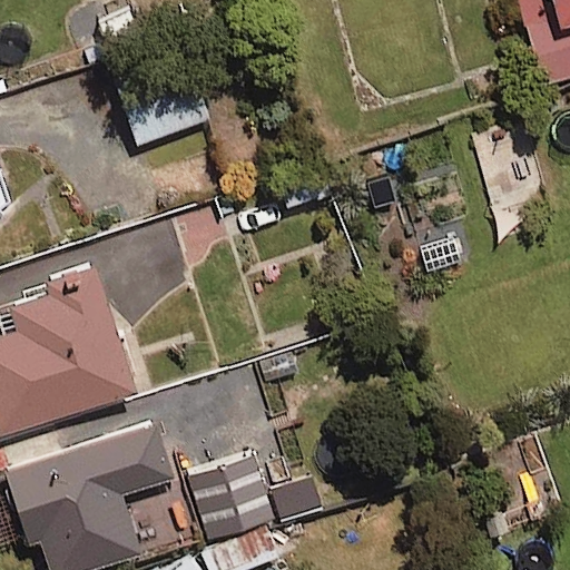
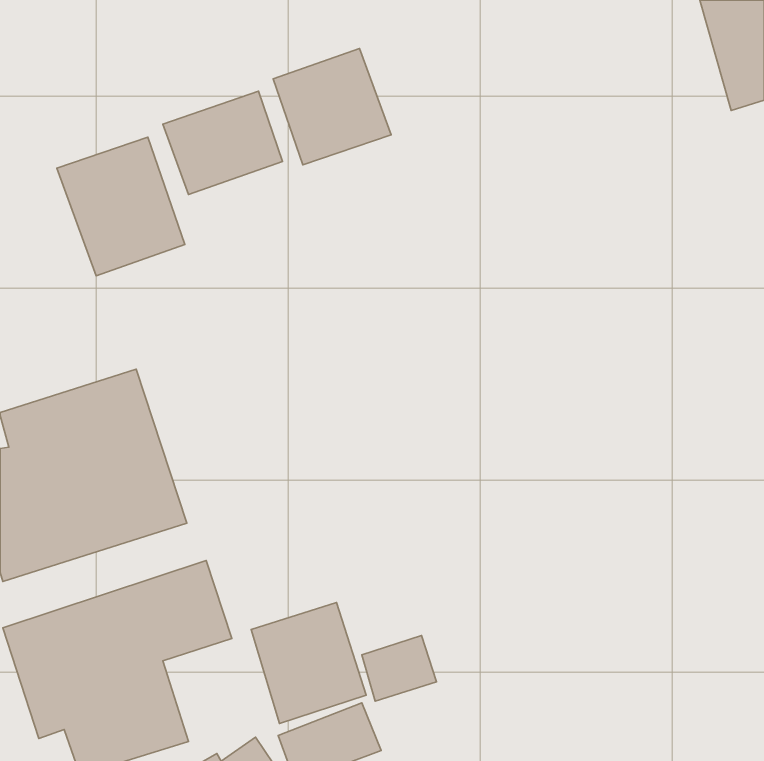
building: none -> [273,49,391,165]
building: none -> [57,137,185,276]

